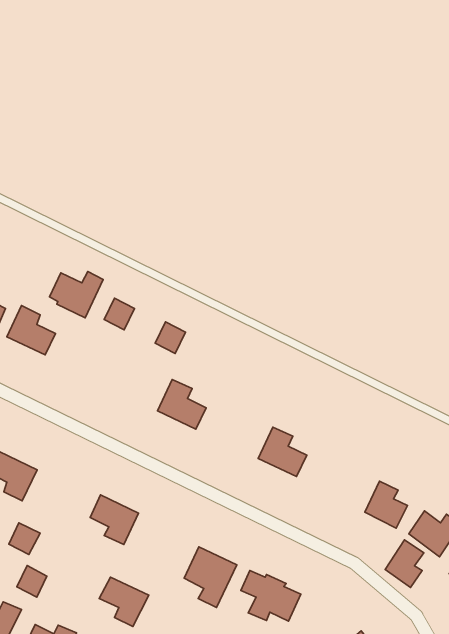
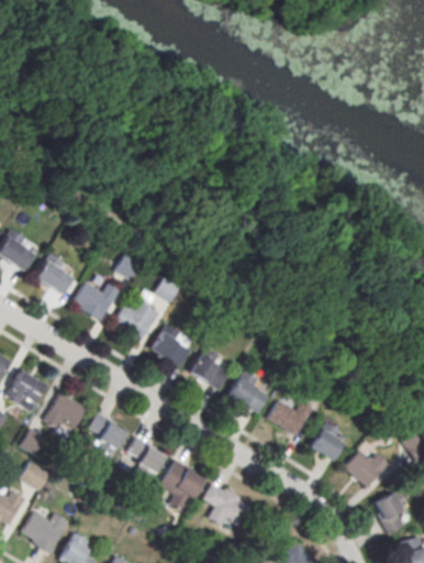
building: [49,272,103,318] -> [74,283,119,321]
building: none -> [112,305,158,341]
building: none -> [189,347,230,390]
building: none -> [268,400,313,437]
building: none -> [44,394,86,429]
building: [385,540,424,588] -> none
building: [99,577,149,627] -> [125,438,166,479]

